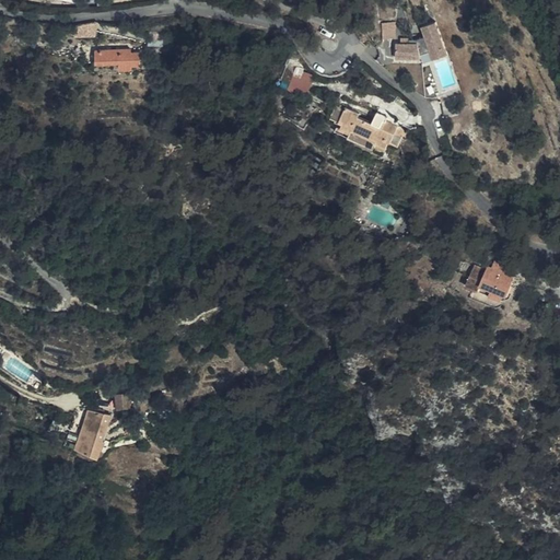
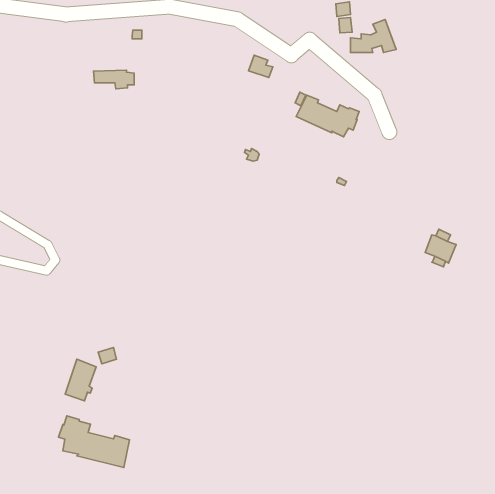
building: [93,50,139,71] -> [94,70,134,89]
building: none -> [59,416,130,467]

